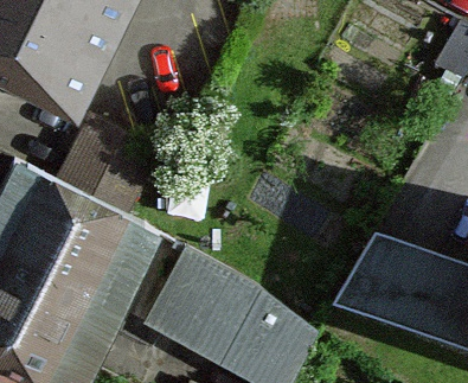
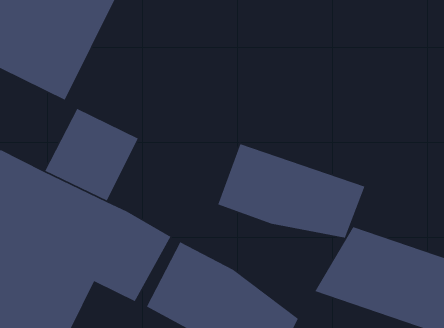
building: none -> [217,143,365,239]

